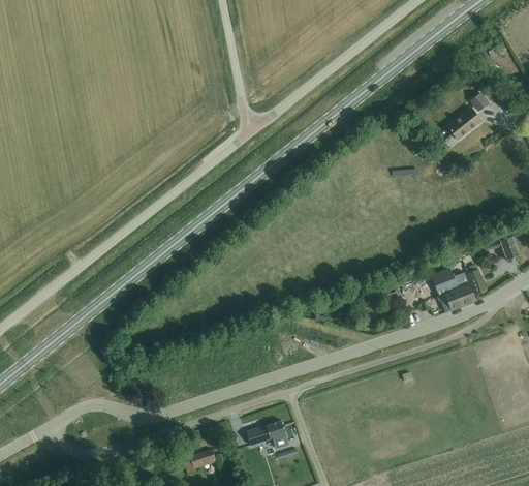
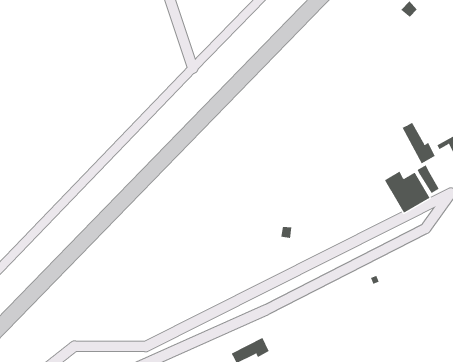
building: [447,108,480,139] -> none
building: none -> [402,122,435,164]

